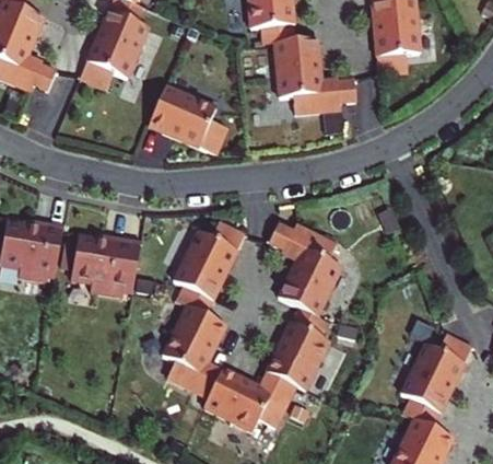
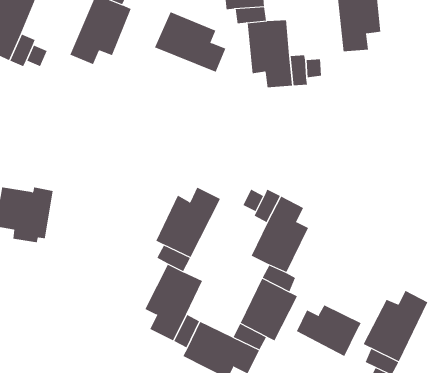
building: [148,85,226,152] -> [154,12,226,73]
building: [70,234,141,297] -> none
building: none -> [296,305,361,357]

